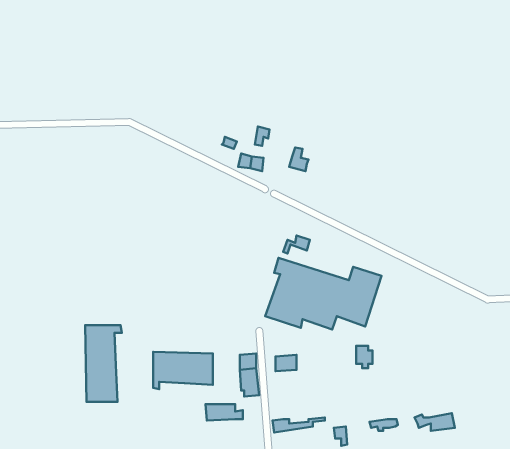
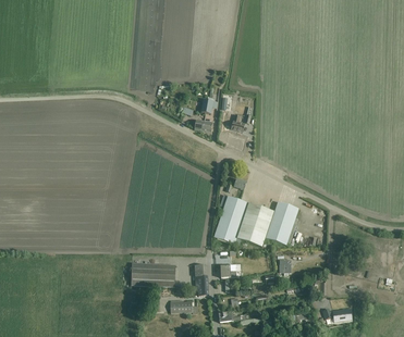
building: [85,325,122,402] -> none

